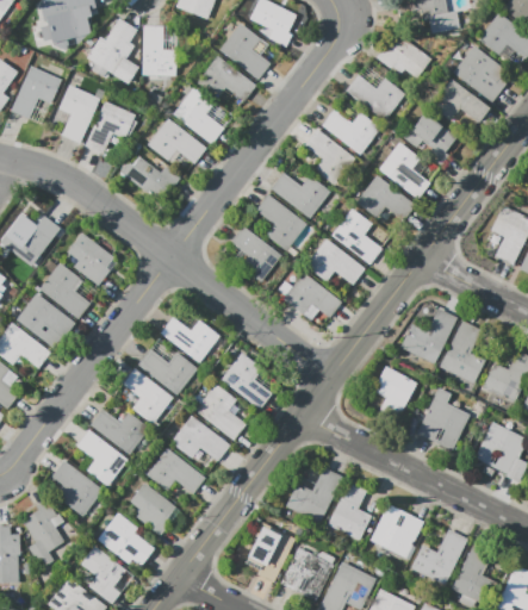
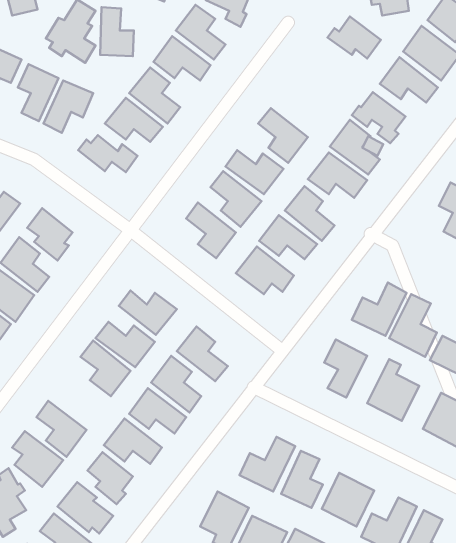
building: [346,75,404,120] -> none
building: [322,110,377,152] -> none
building: [91,410,149,455] -> none

